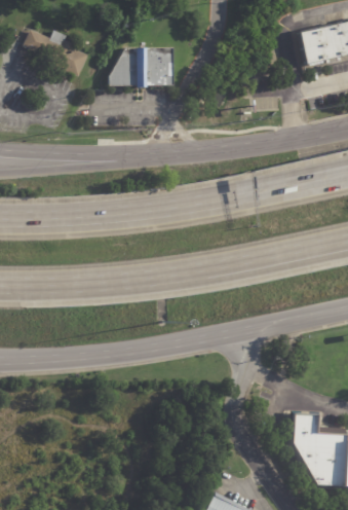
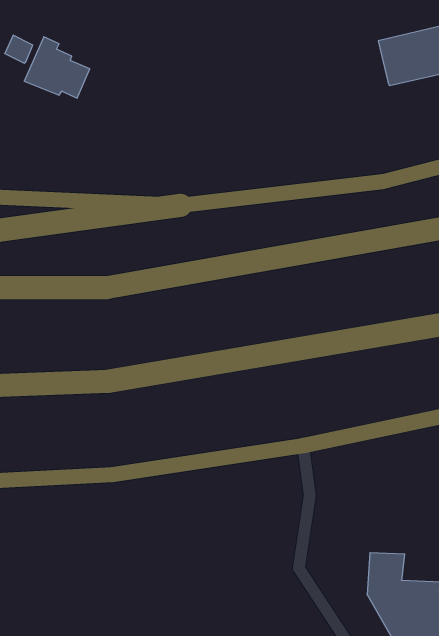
building: [110,46,173,85] -> none

